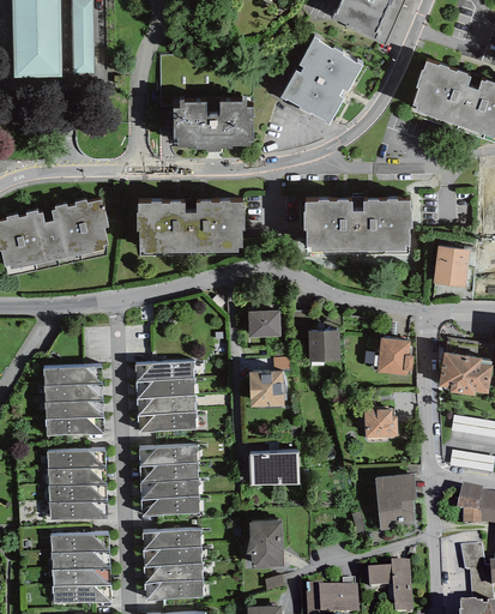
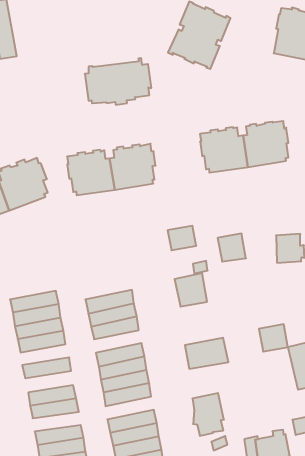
building: [134,362,194,383] -> none
building: [364,407,397,437] -> [259,324,288,352]
building: [48,468,105,487] -> none

